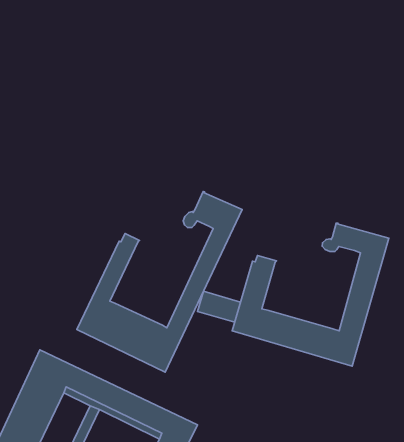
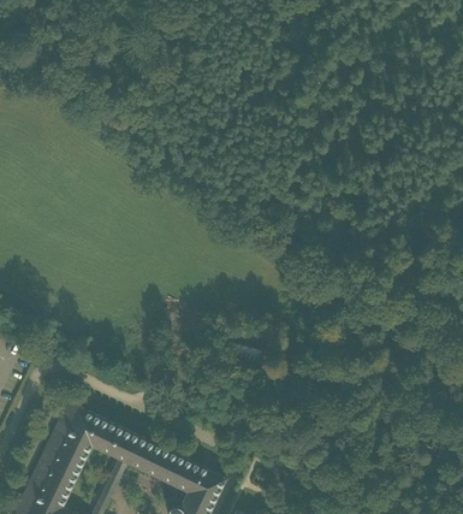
building: [77,192,242,372] -> none
building: [232,223,389,366] -> none

